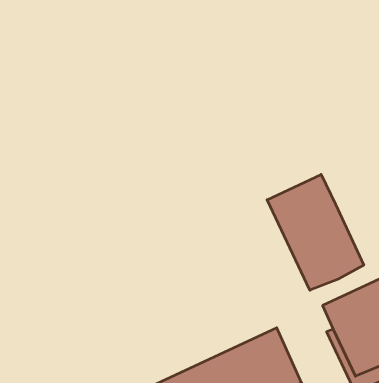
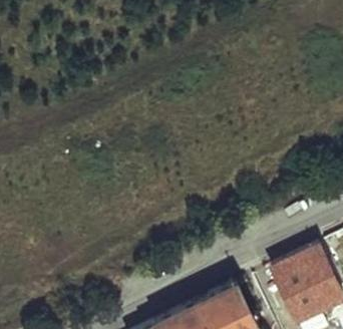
building: [267,174,364,290] -> none

